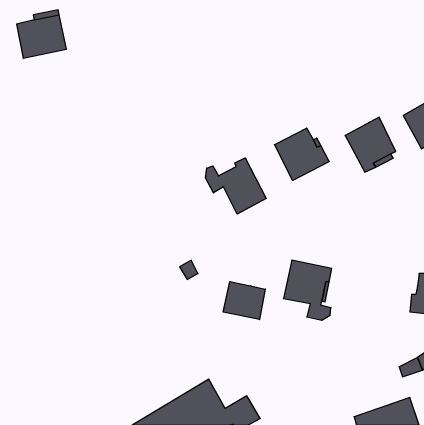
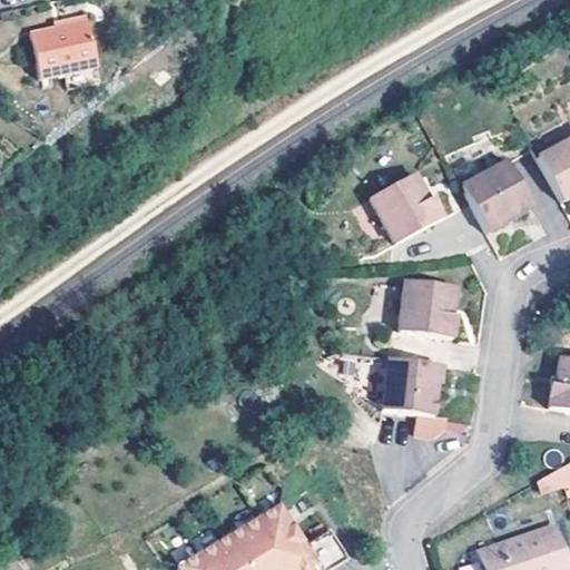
building: [206,158,266,214] -> none
building: none -> [403,271,463,334]
building: [223,282,265,320] -> none

